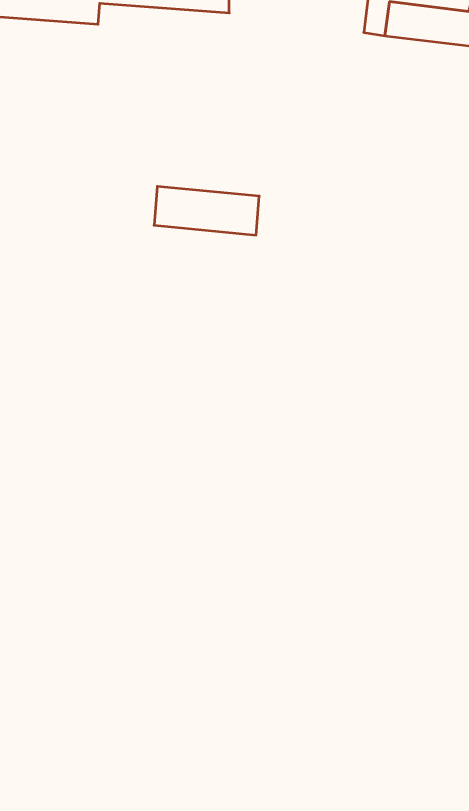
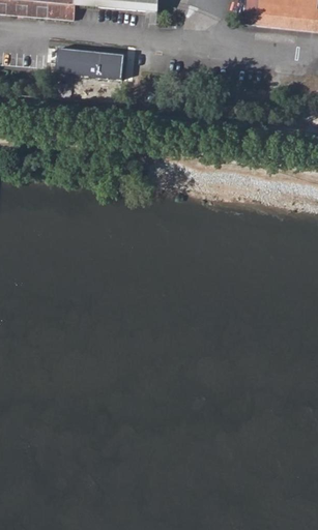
building: [154,186,259,235] -> [56,47,123,78]

